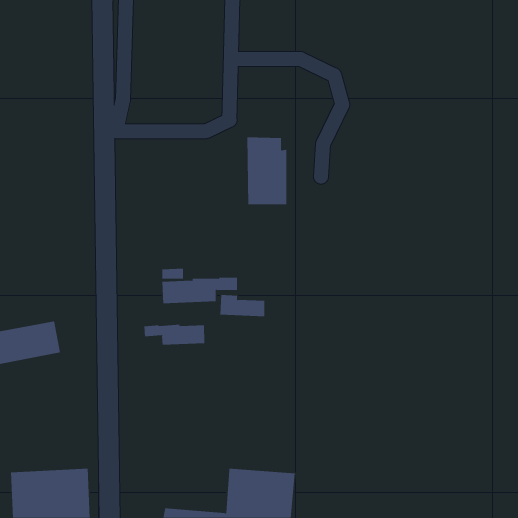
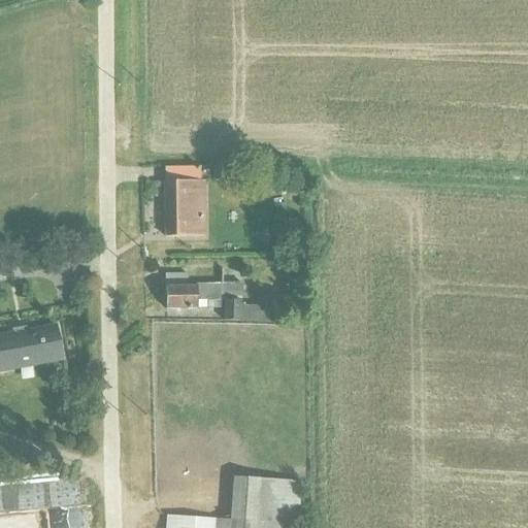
building: [246,137,287,205] -> [163,167,204,236]
building: [144,324,205,345] -> none

